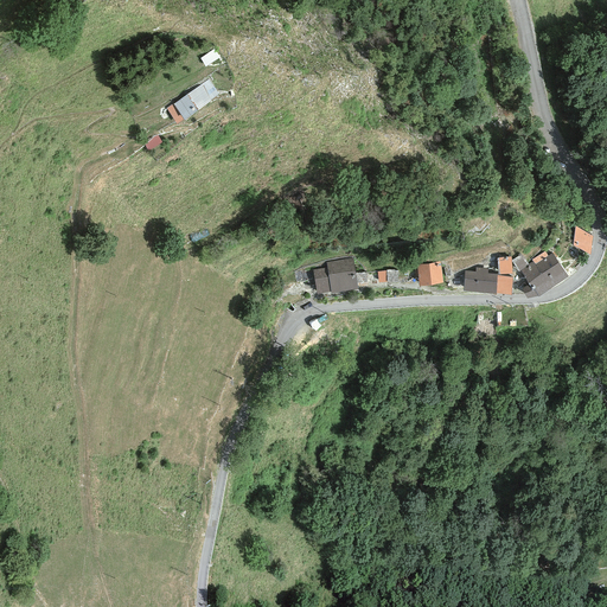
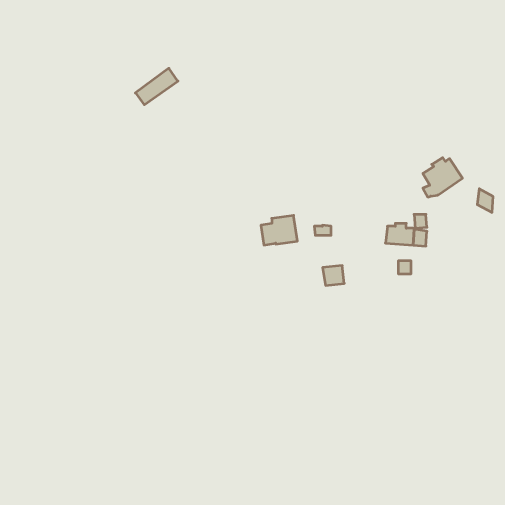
building: [520,251,568,299] -> [423,158,462,197]
building: [416,262,442,286] -> [323,266,344,285]

